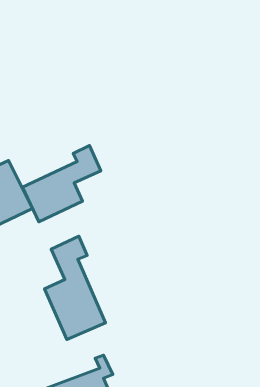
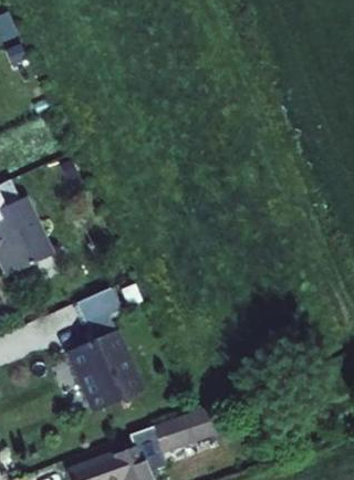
building: [23,146,101,222] -> none
building: none -> [137,407,215,453]

